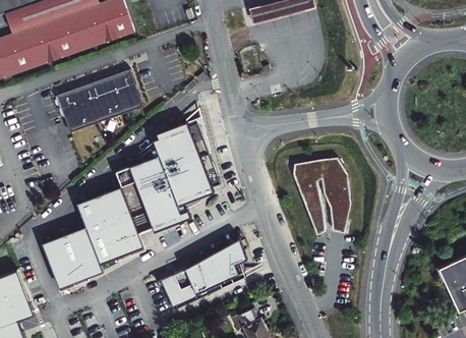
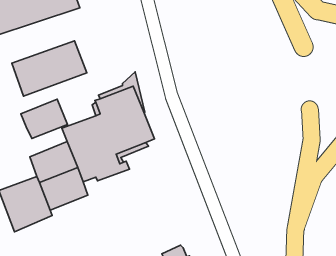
building: none -> [21,99,67,139]
building: [292,159,350,235] -> none
building: [160,237,247,308] -> none

